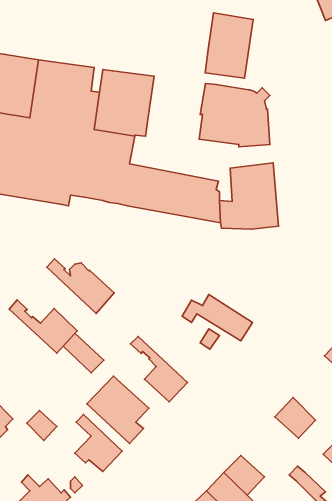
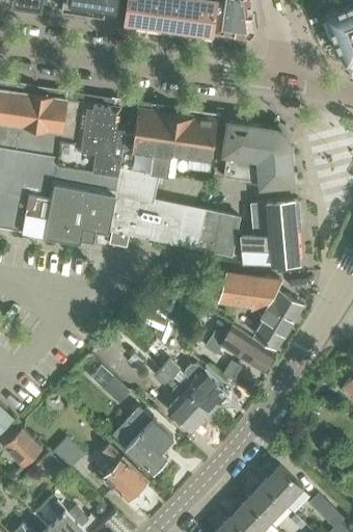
building: [205,13,253,78] -> [170,115,217,179]
building: none -> [202,271,302,348]
building: [47,259,114,313] -> [163,360,228,413]
building: [9,300,77,353] -> none
building: [275,398,316,438] -> [263,464,302,504]

